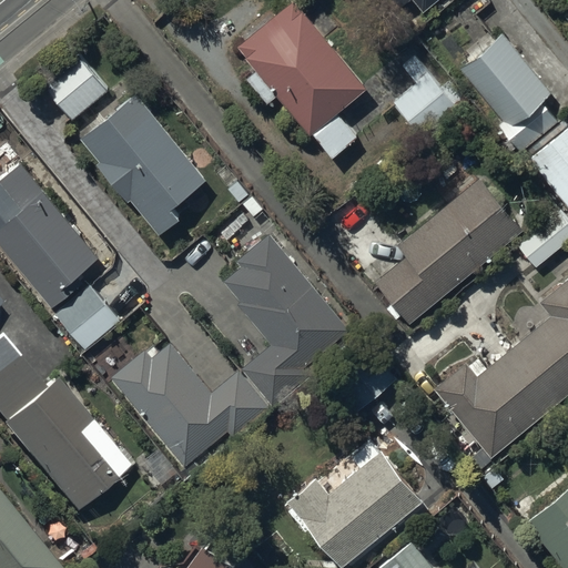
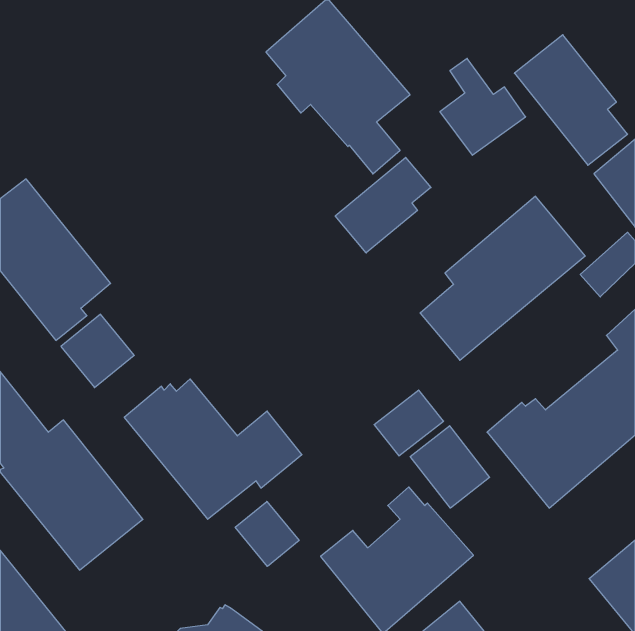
building: [43,55,108,120] -> none
building: [81,93,206,236] -> none
building: none -> [335,157,431,253]
building: [223,233,351,407] -> none
building: none -> [410,426,490,508]
building: none -> [235,501,299,566]

